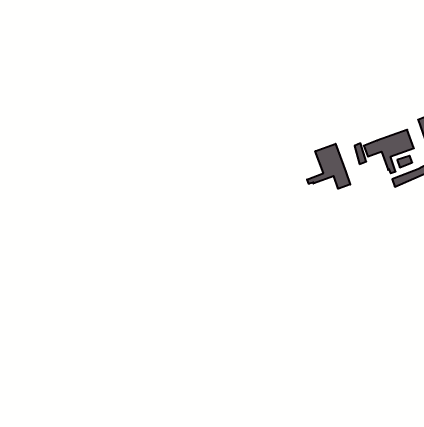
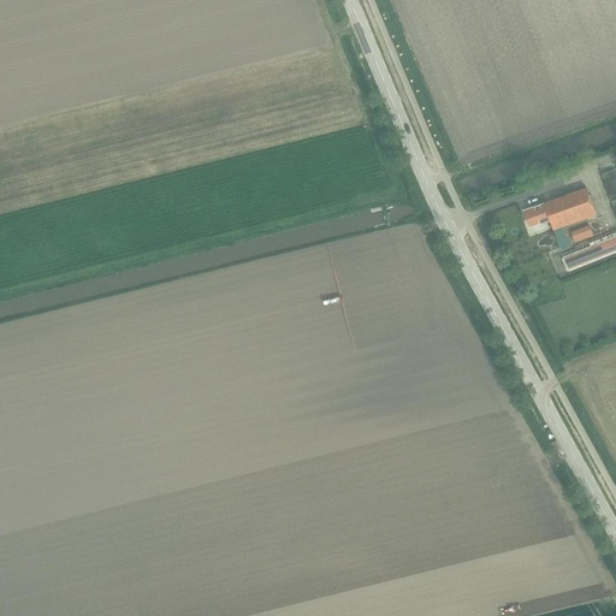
building: [307,144,350,189] -> none

